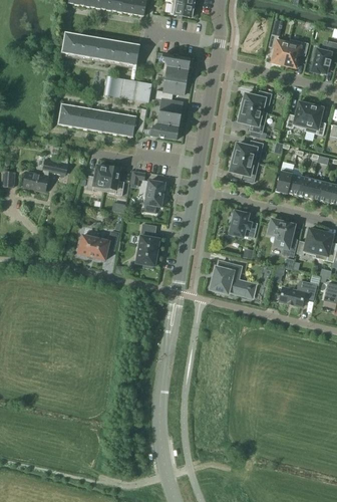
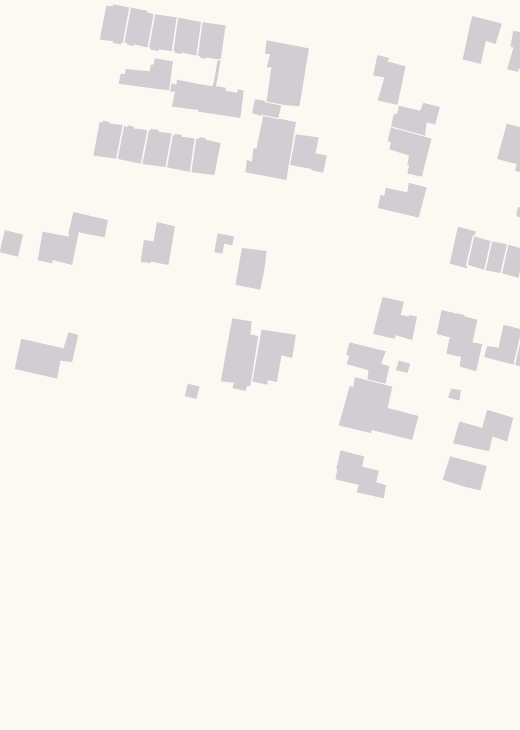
building: [268,34,289,65] -> [372,55,406,105]
building: none -> [118,58,174,91]
building: [286,101,311,129] -> none
building: none -> [289,134,327,173]
building: [230,157,258,183] -> none
building: [104,166,124,196] -> none
building: none -> [252,329,297,385]
building: [78,231,118,260] -> [14,332,79,379]
building: none -> [346,341,394,384]
building: none -> [335,449,387,499]
building: none -> [442,455,488,491]

